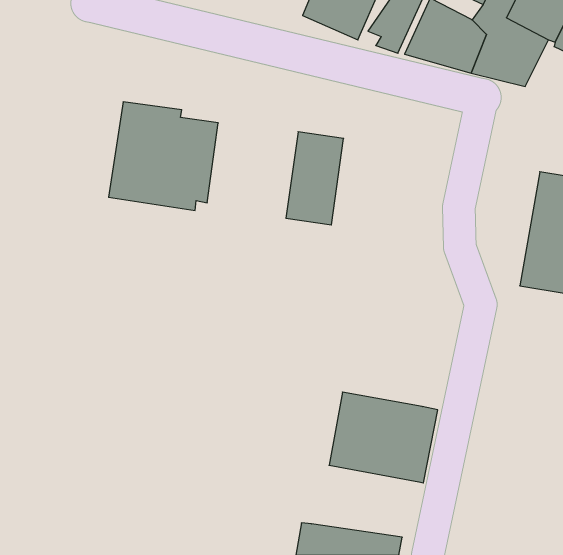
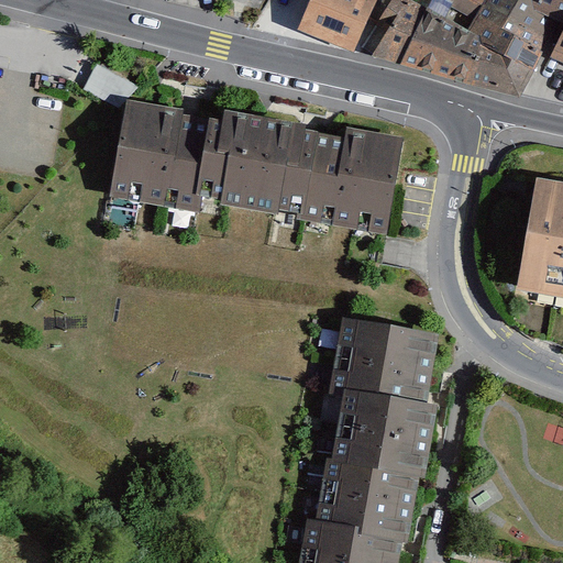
building: none -> [208,112,300,217]
building: none -> [331,129,401,234]
building: none -> [325,317,434,404]
building: none -> [312,461,419,537]

